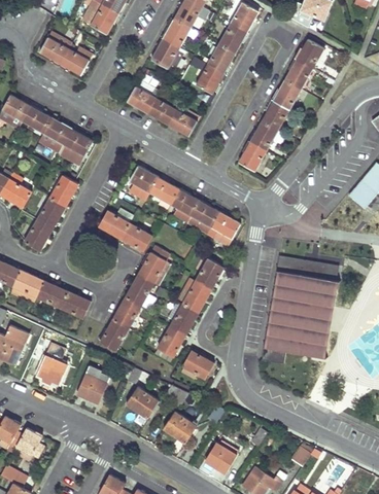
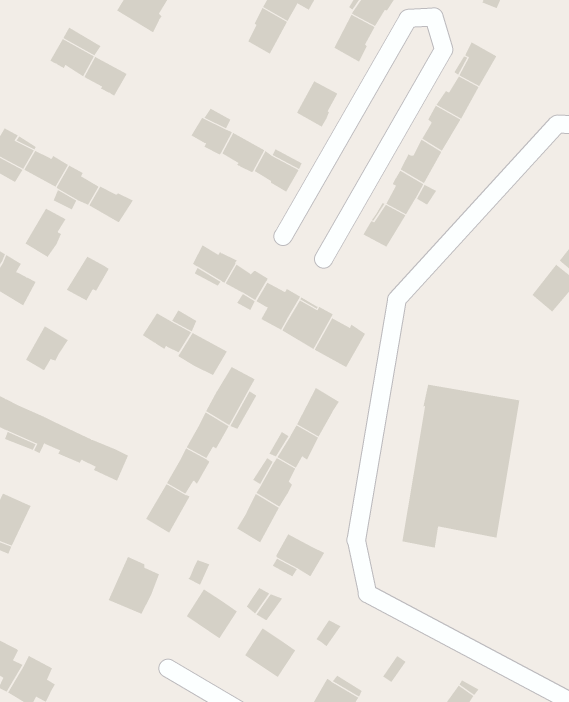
building: [151,40,182,72] -> none
building: [207,44,236,73] -> none
building: [36,198,63,230] -> [24,208,67,258]
building: [36,346,66,384] -> none

